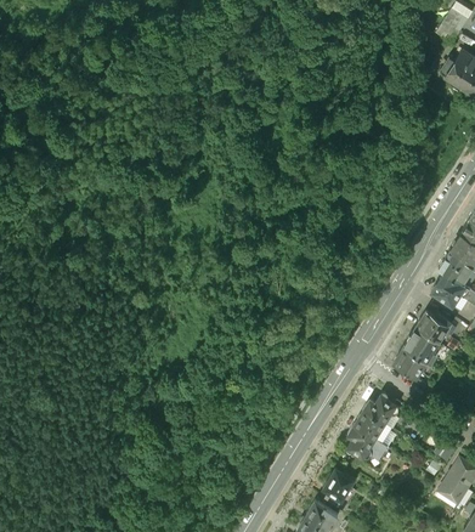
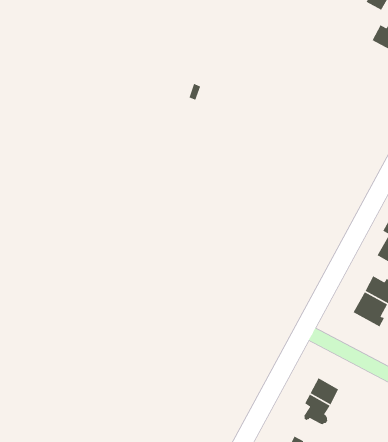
building: [394,349,426,380] -> none
building: [364,395,400,425] -> none

